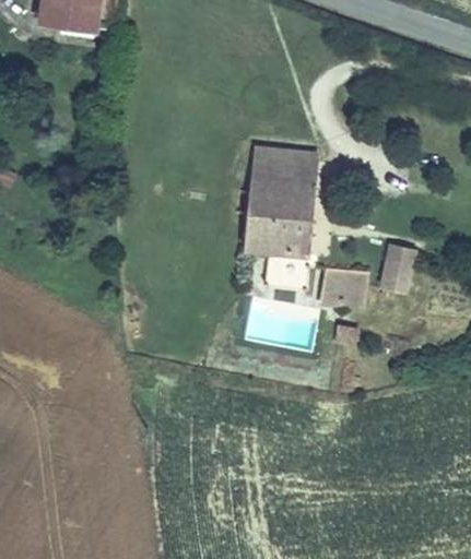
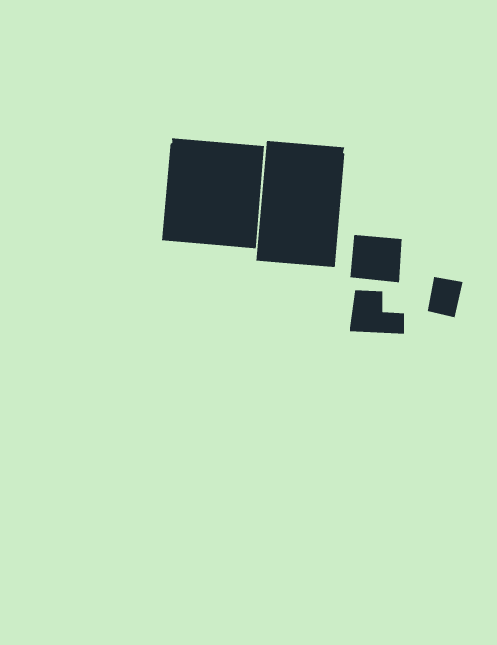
building: none -> [161,138,265,249]
building: [267,247,309,286] -> [349,234,402,283]

